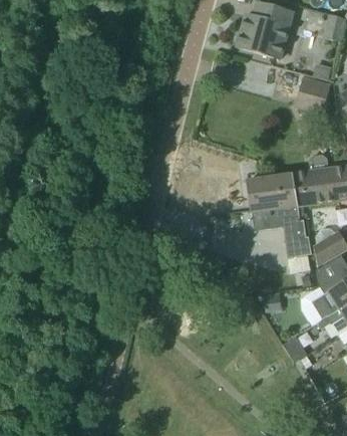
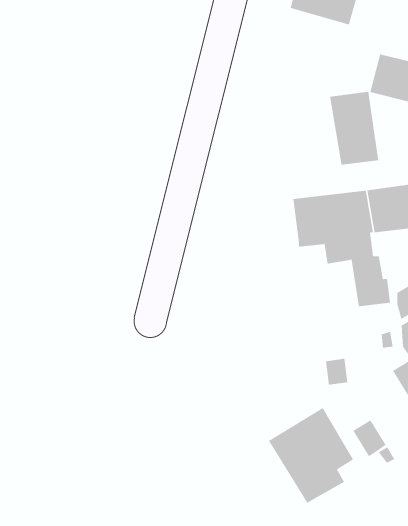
building: none -> [330,91,379,165]
building: none -> [268,407,354,503]

